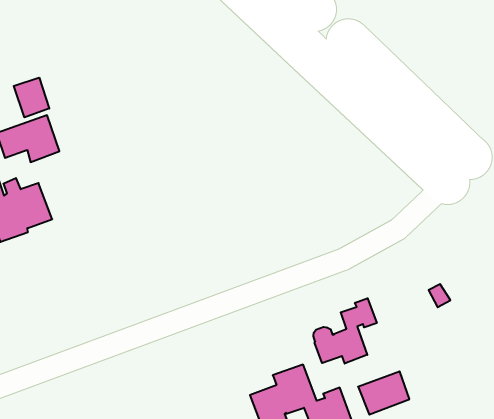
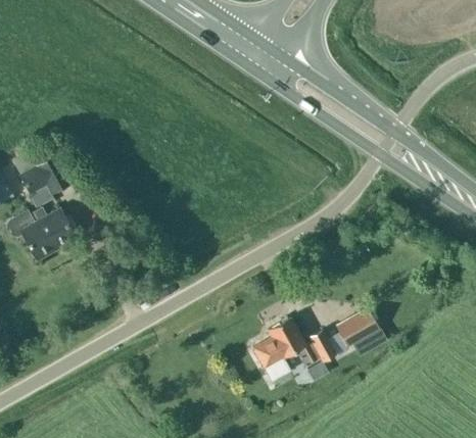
building: [14,78,49,117] -> none
building: [313,298,377,364] -> none

